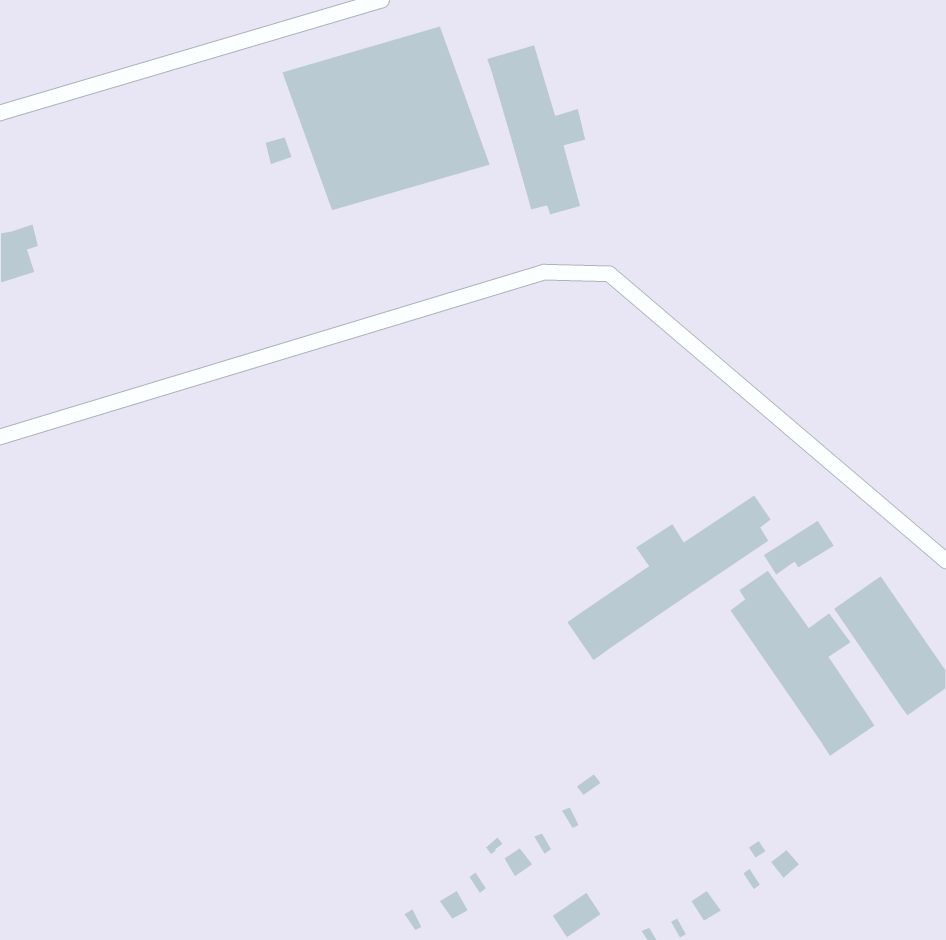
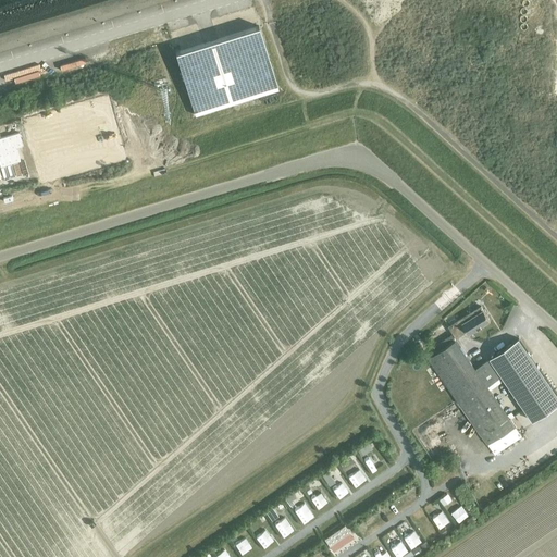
building: [487,44,586,215] -> none
building: [567,495,771,661] -> none

